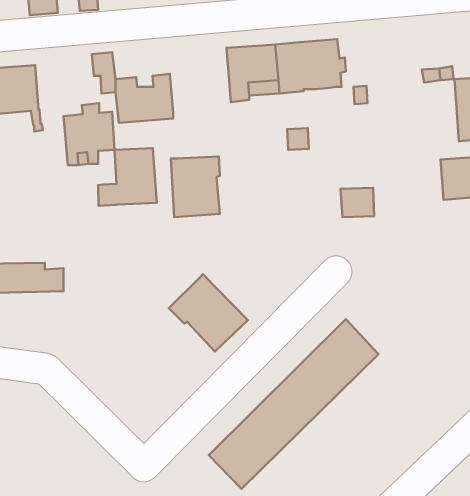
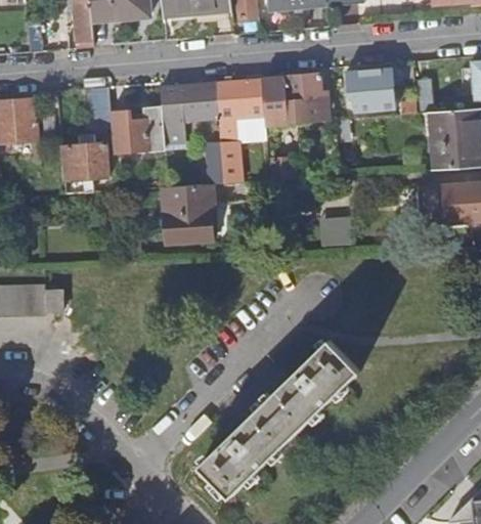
building: none -> [345,69,394,113]
building: none -> [160,83,218,144]
building: none -> [206,141,242,185]
building: [98,148,157,206] -> none
building: [169,274,248,352] -> none

